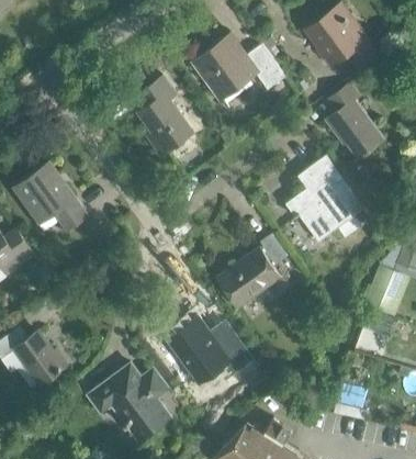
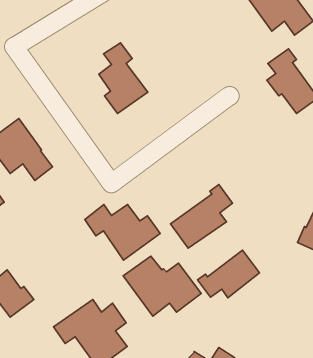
building: [193,35,283,97] -> none
building: [285,155,360,242] -> none
building: none -> [85,204,160,260]
building: none -> [198,250,259,298]

